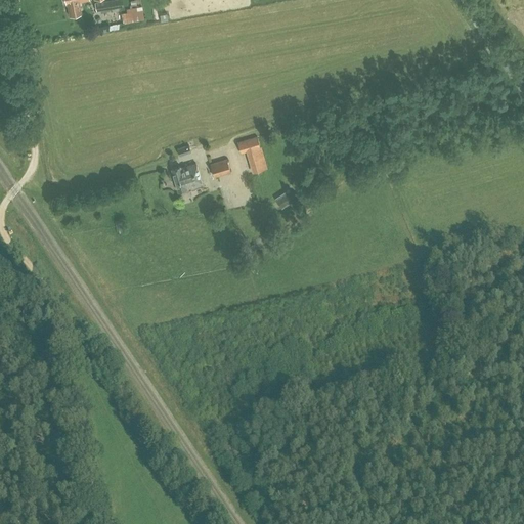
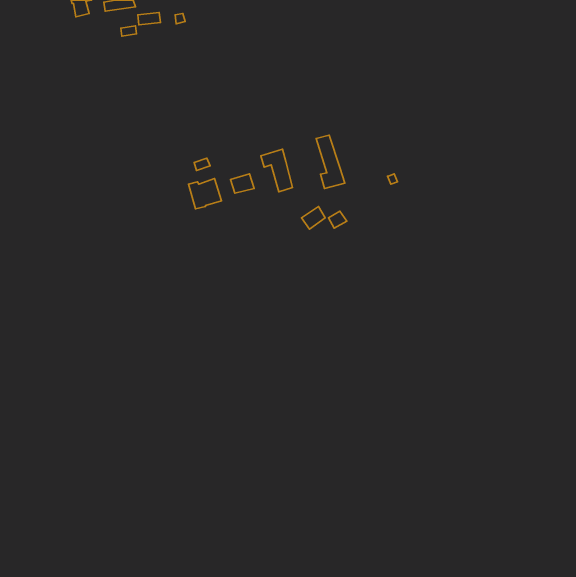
building: none -> [316,135,345,189]

